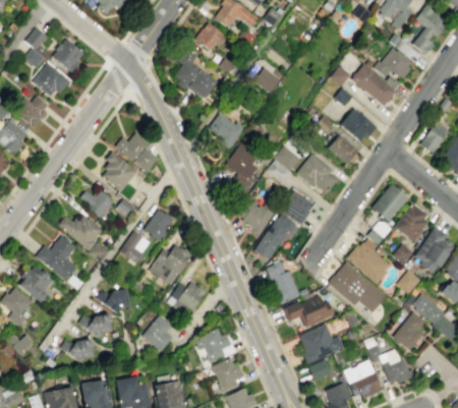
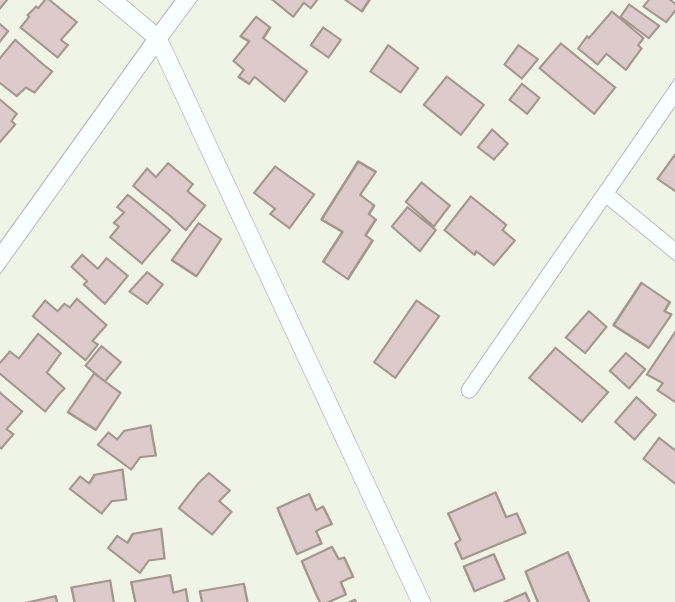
building: [339,109,374,142] -> [424,77,484,135]
building: [208,114,242,150] -> [254,166,314,228]
building: [327,135,357,165] -> none
building: [370,184,408,223] -> none
building: [281,192,311,225] -> none
building: [238,196,275,238] -> none
building: [145,209,173,239] -> [172,223,221,276]
building: [119,230,150,263] -> [68,374,121,430]
building: [149,242,190,284] -> none
building: [266,264,299,304] -> none
building: [328,264,386,314] -> none
building: [168,280,207,311] -> none
building: [282,296,334,330] -> none
building: [392,312,423,351] -> none
building: [60,338,93,363] -> [108,529,165,573]
building: [366,345,410,385] -> none

